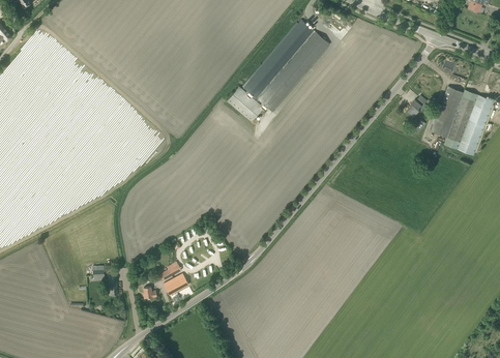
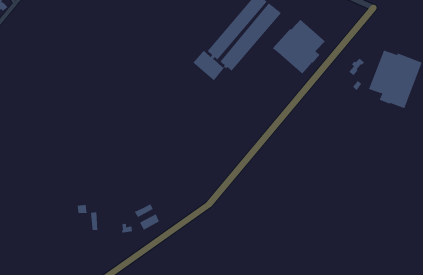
building: none -> [272,19,326,74]

